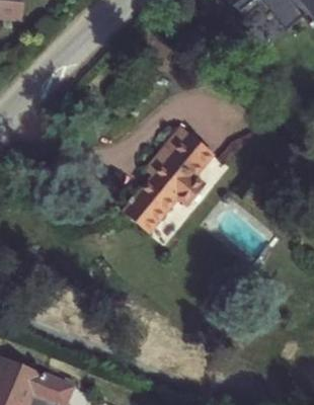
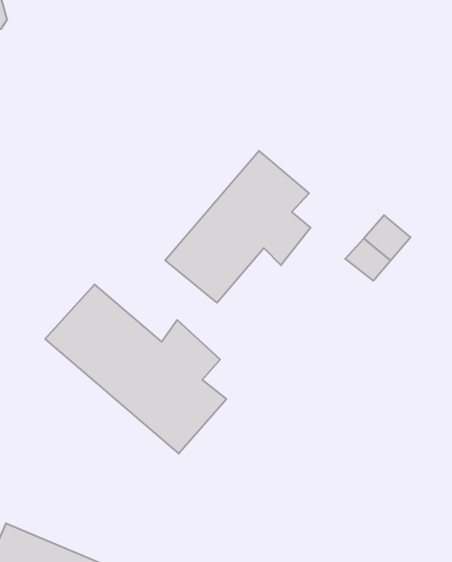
building: none -> [45,284,226,454]

